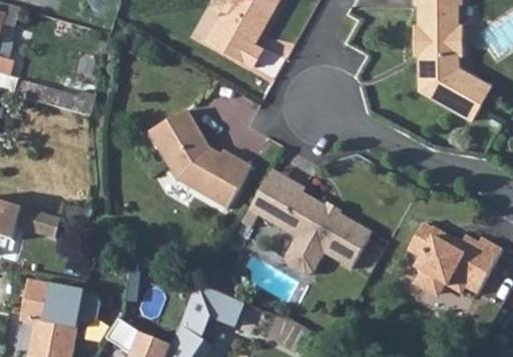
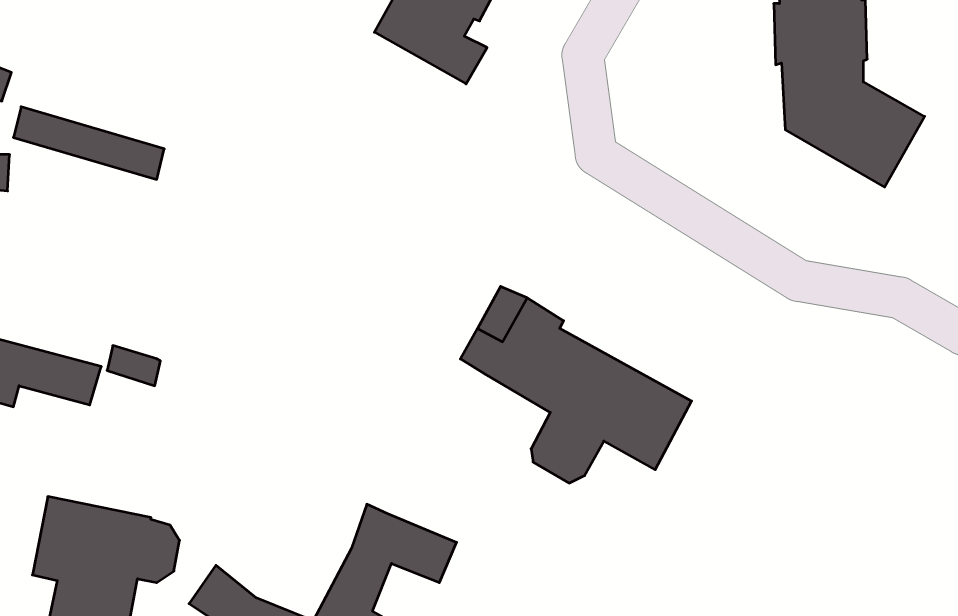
building: [147,109,250,208] -> none
building: [409,222,502,294] -> none

